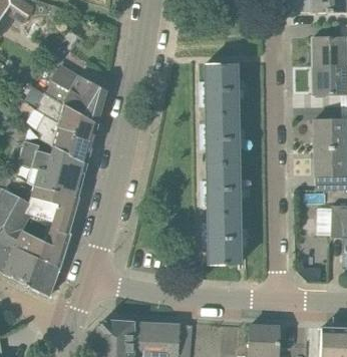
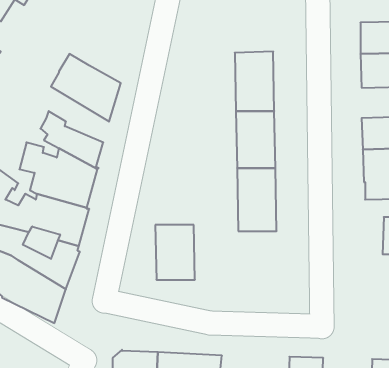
building: [37,90,105,163] -> none
building: [207,218,241,265] -> [155,225,195,280]

